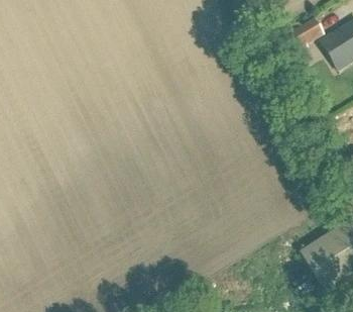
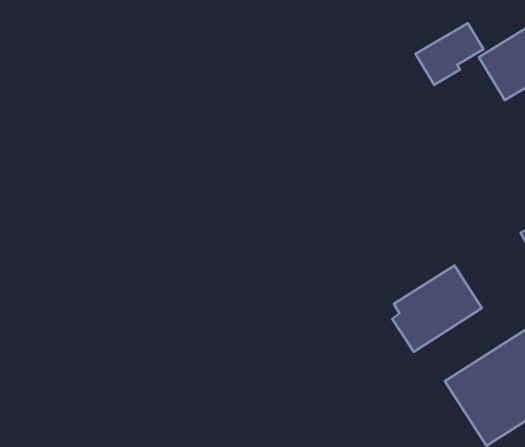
building: none -> [392,265,482,352]

